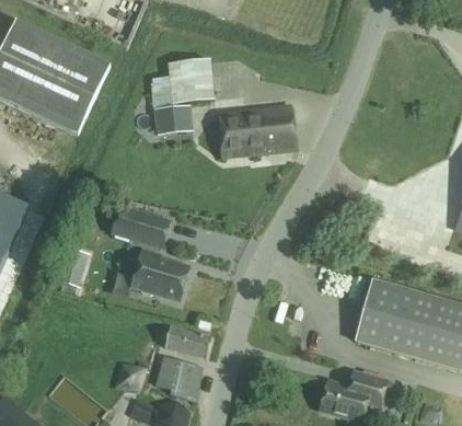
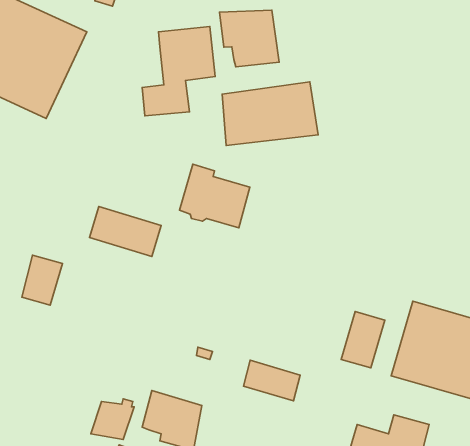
building: none -> [220,10,279,67]
building: [131,247,188,299] -> [179,164,250,228]
building: none -> [341,311,385,368]
building: [164,324,210,357] -> [243,360,300,401]

